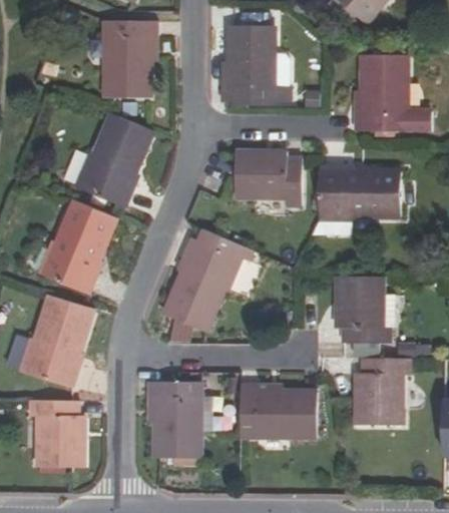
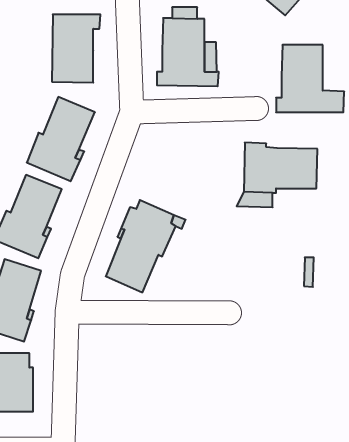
building: [235,149,301,205] -> none
building: [335,276,389,343] -> none
building: [356,358,410,424] -> none
building: [147,381,200,458] -> none
building: [239,384,315,437] -> none

